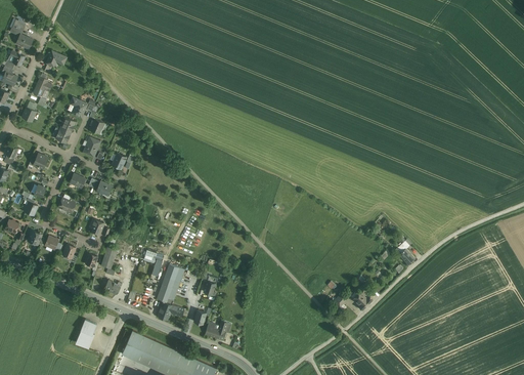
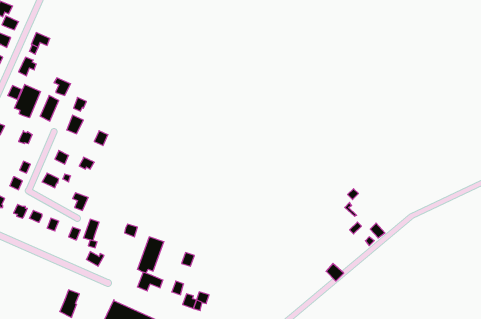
building: none -> [15,84,41,118]

